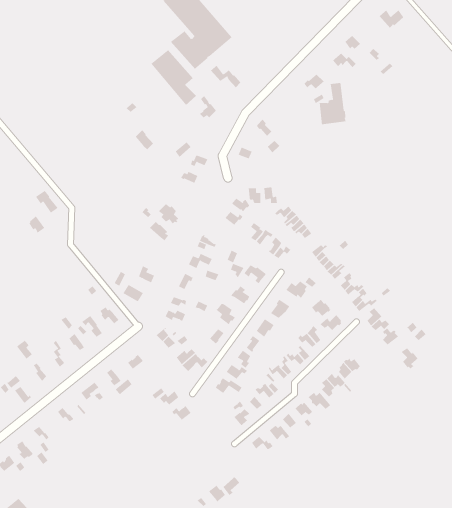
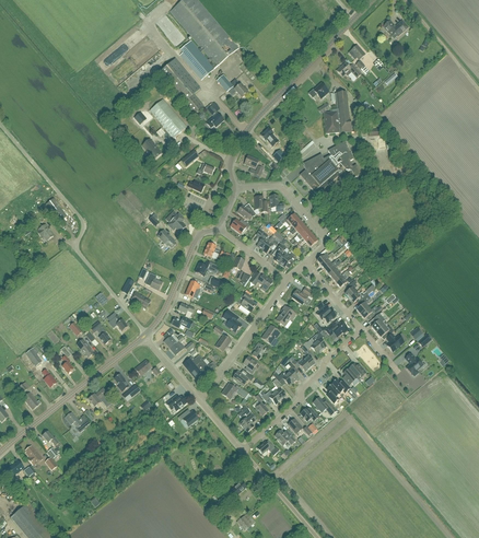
building: none -> [150,97,187,137]
building: none -> [300,140,361,195]

